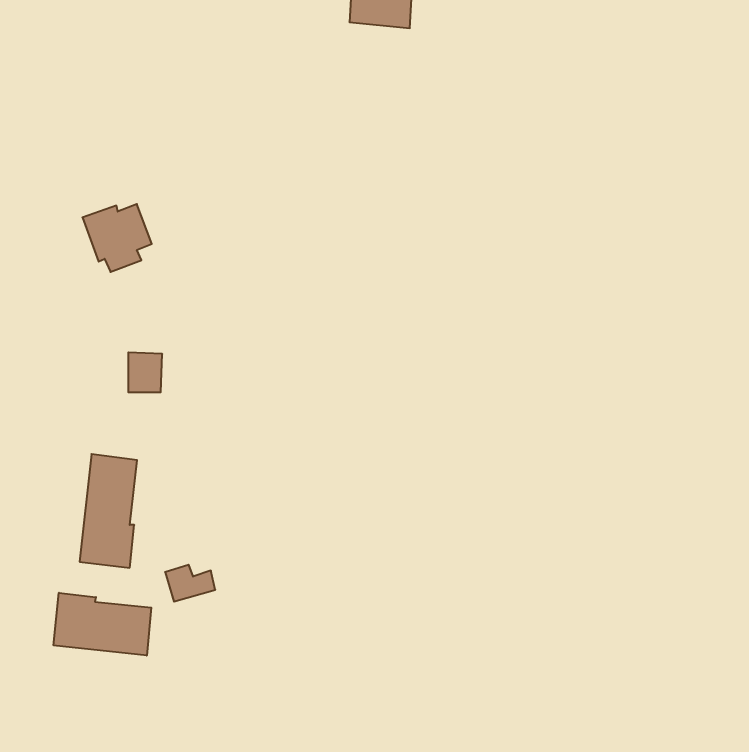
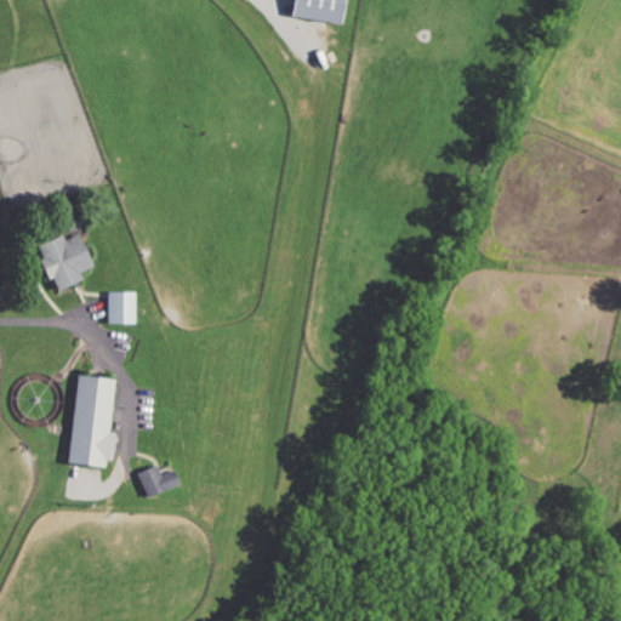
building: [82,204,152,272] -> [35,233,92,289]
building: [54,593,151,656] -> none

